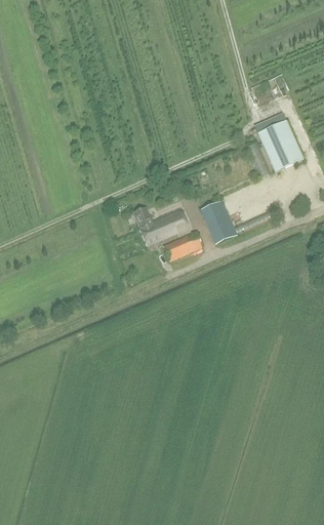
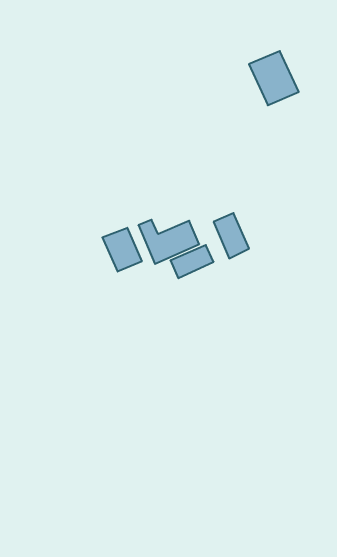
building: [257,120,303,170] -> [249,51,299,105]
building: none -> [102,228,142,272]

